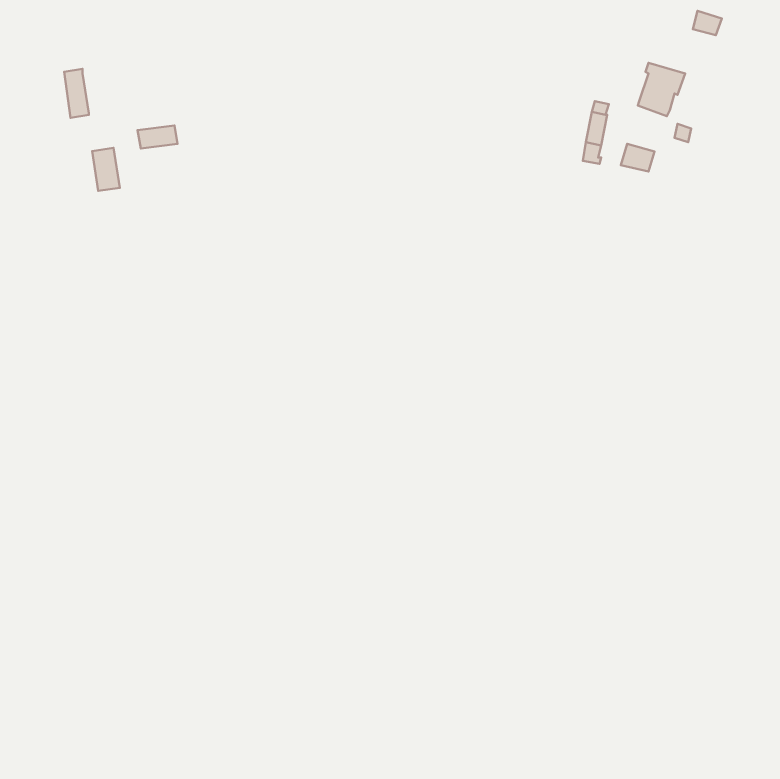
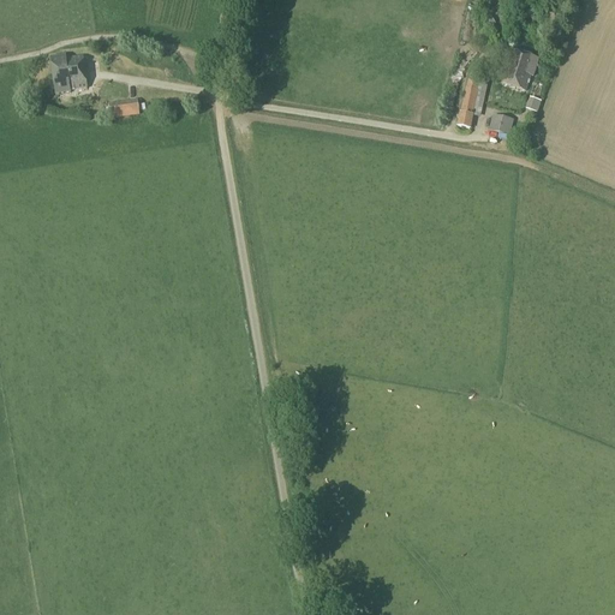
building: [92,148,120,191] -> [66,55,88,89]

